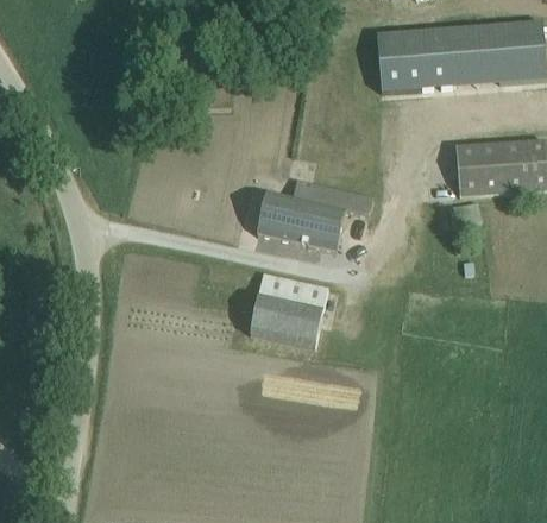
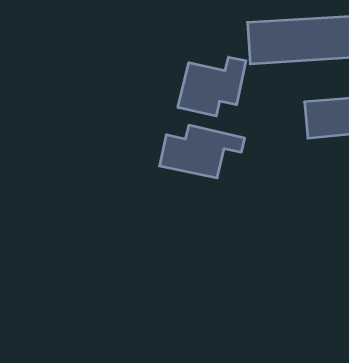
building: none -> [178,57,246,116]
building: [249,272,338,346] -> none

